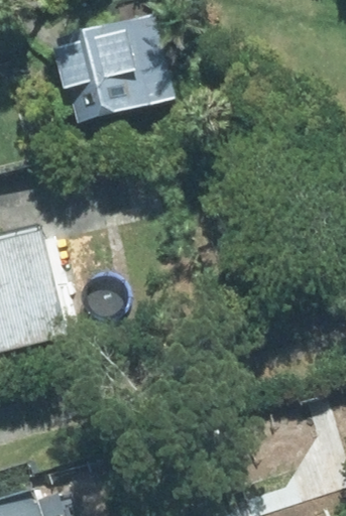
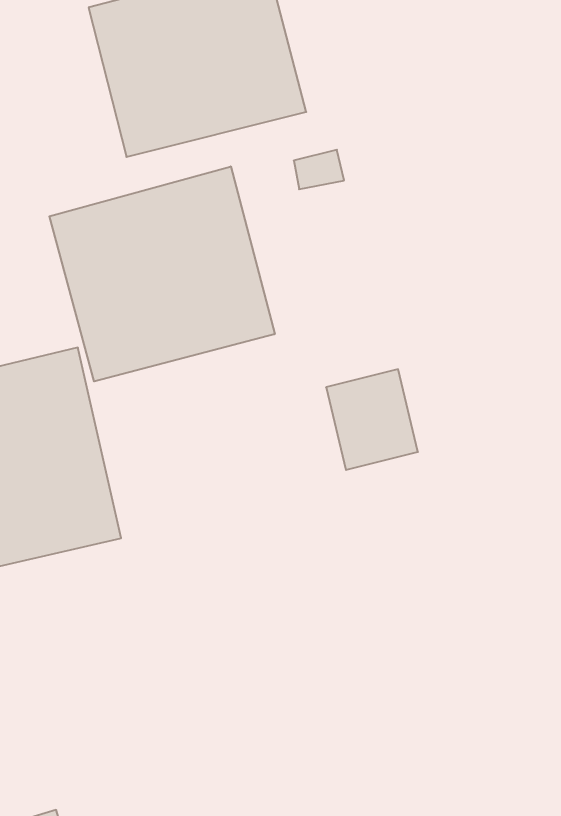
building: none -> [49,166,275,381]

